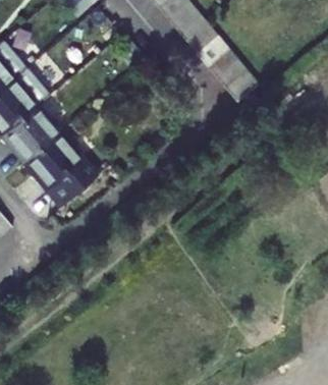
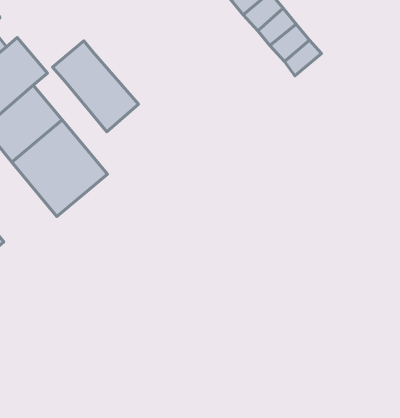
building: none -> [53,41,138,132]

